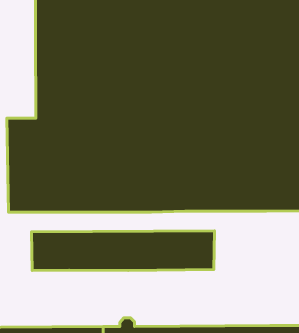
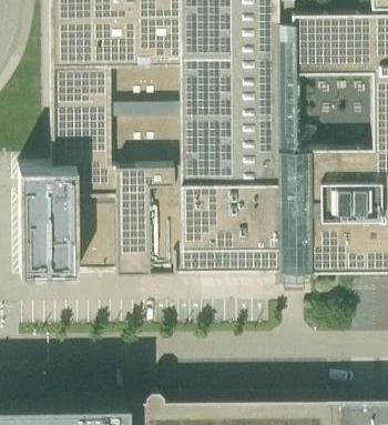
building: [32,231,214,271] -> none

